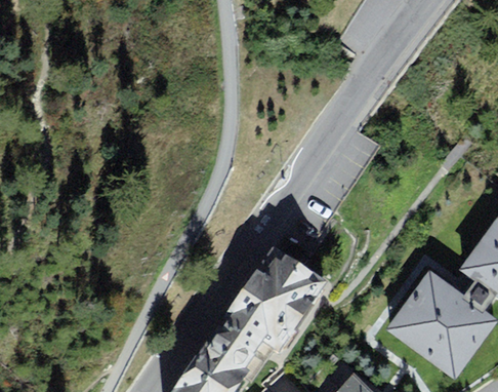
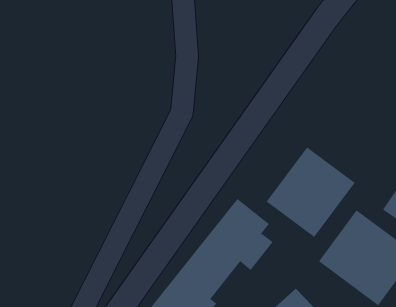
building: none -> [266,147,356,238]

